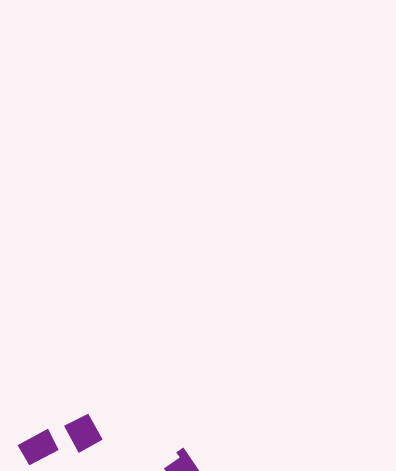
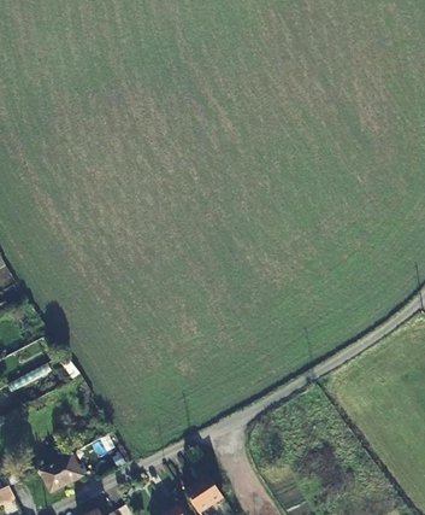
building: [63,413,104,454] -> none

